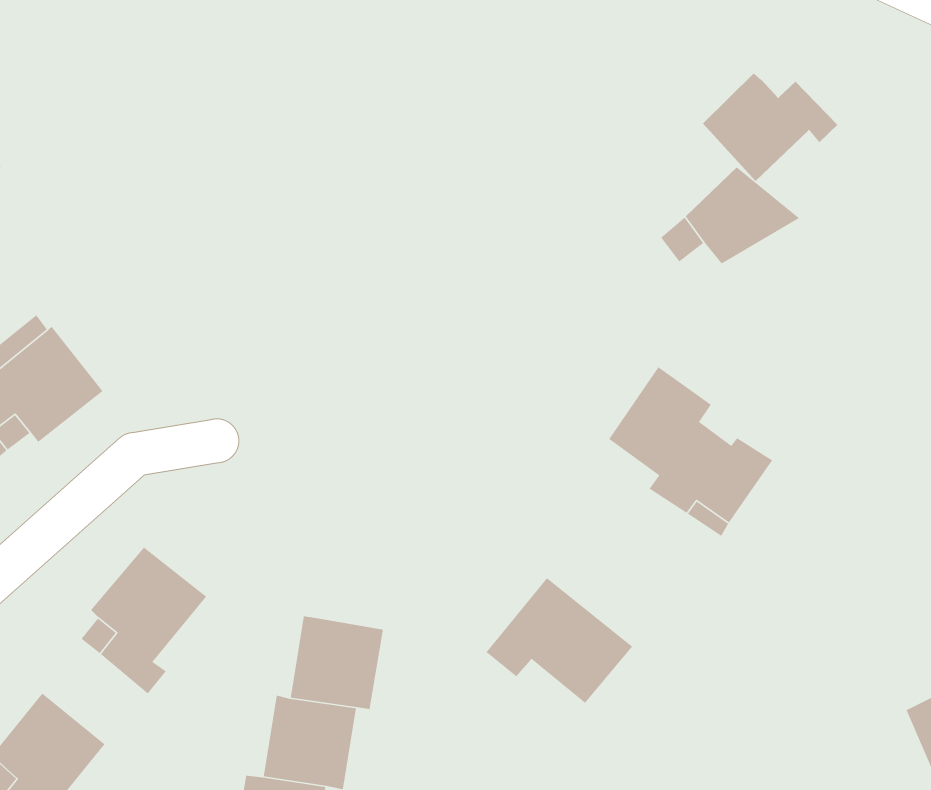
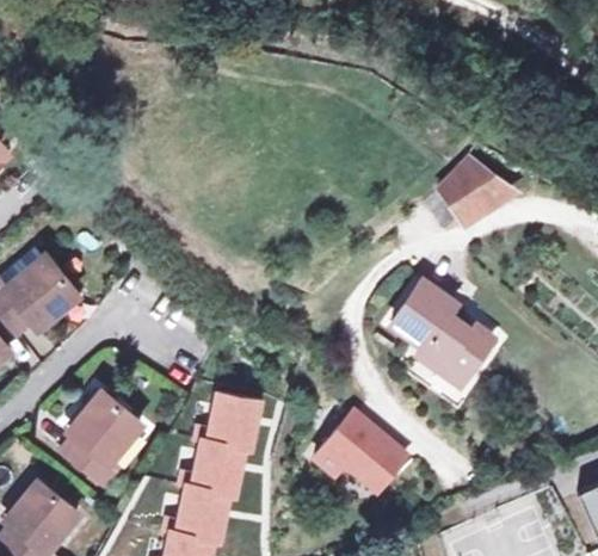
building: [702,73,838,182] -> none
building: none -> [209,385,266,445]

